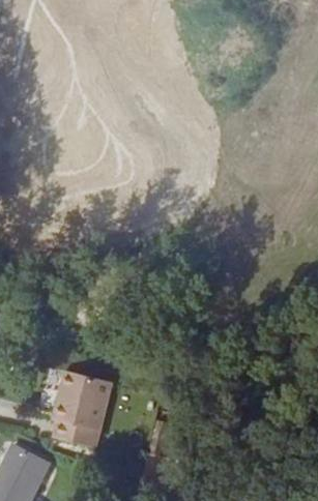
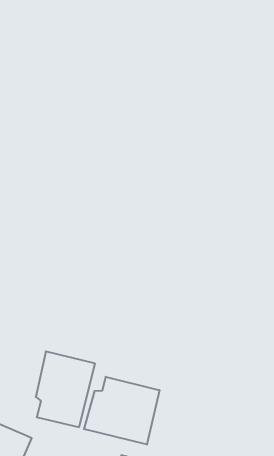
building: none -> [84,377,159,445]

